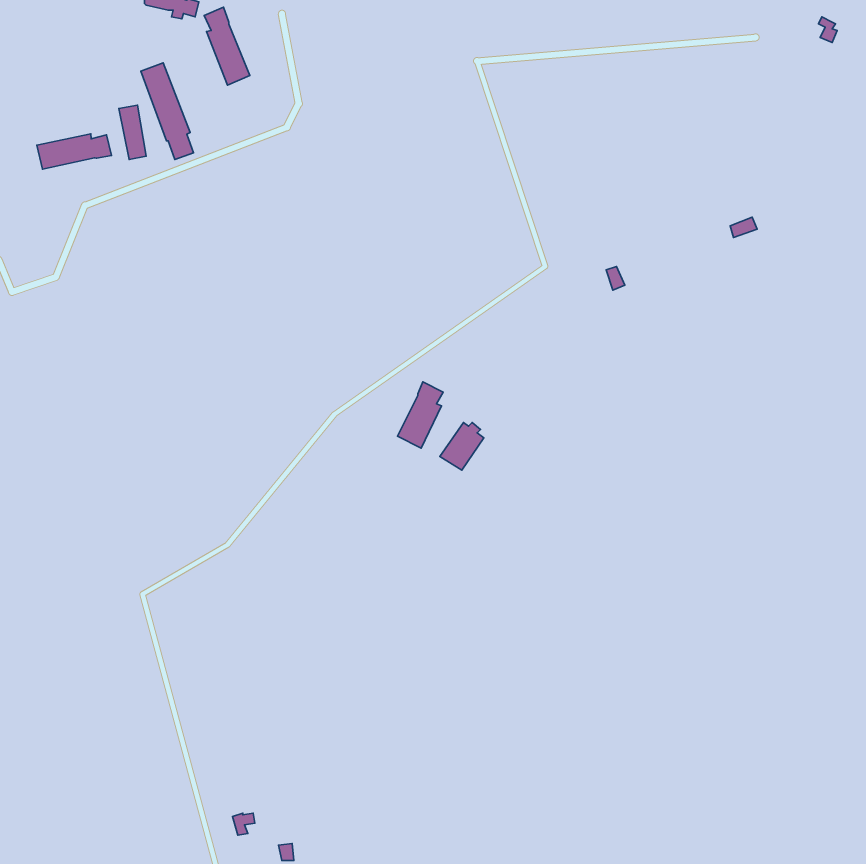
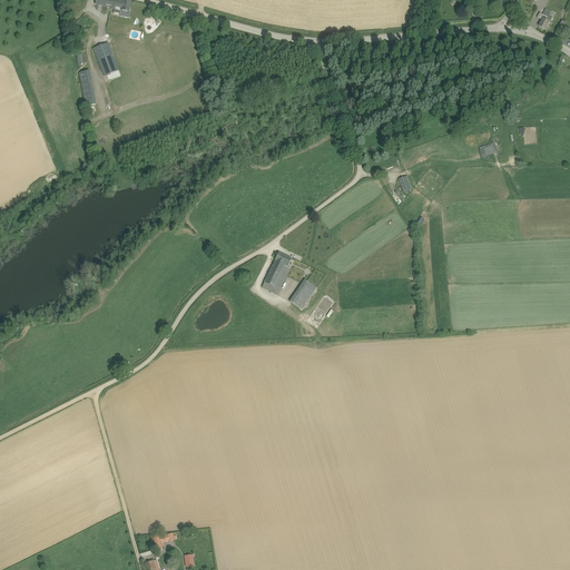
building: [204,7,250,85] -> none
building: [37,134,111,169] -> none

